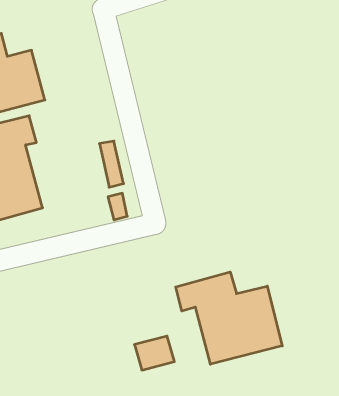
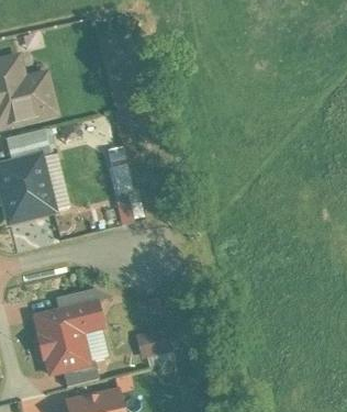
building: [176,272,282,364] -> none
building: none -> [30,297,103,374]

